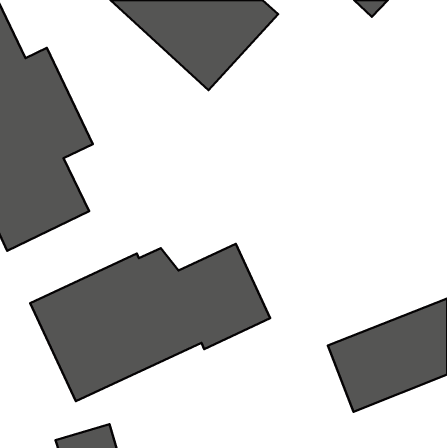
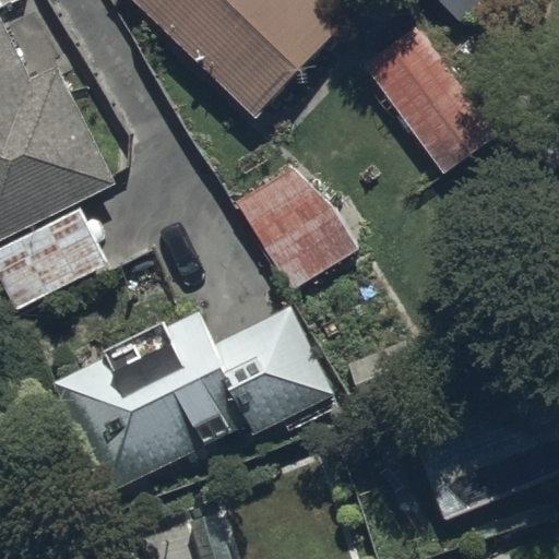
building: none -> [365,26,496,169]
building: none -> [233,165,359,289]

